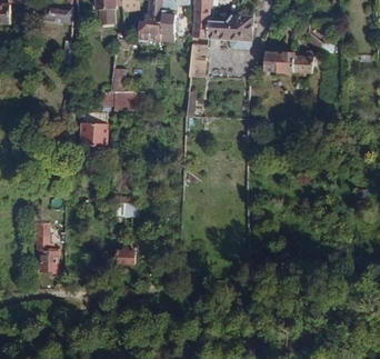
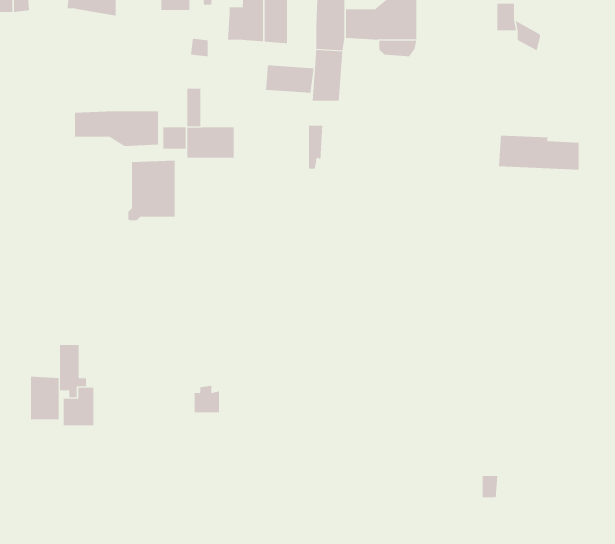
building: [263,51,312,72] -> [498,135,579,170]
building: none -> [266,65,314,94]
building: none -> [75,111,159,147]
building: none -> [31,376,59,420]

